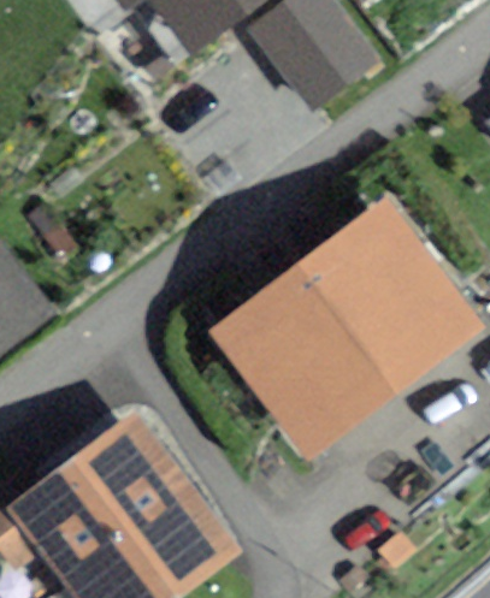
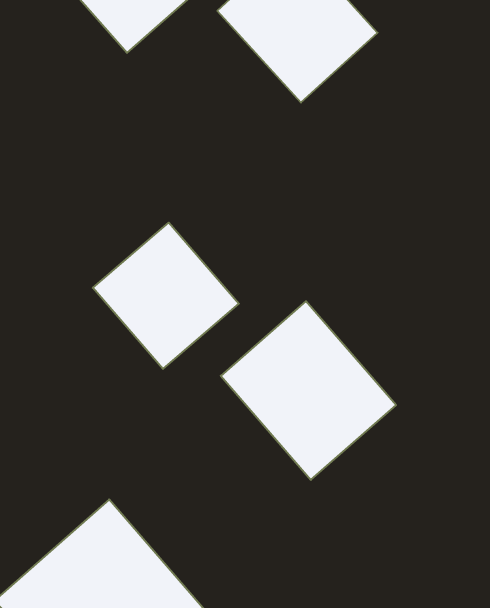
building: none -> [93,223,239,369]
building: [307,223,453,373] -> none

